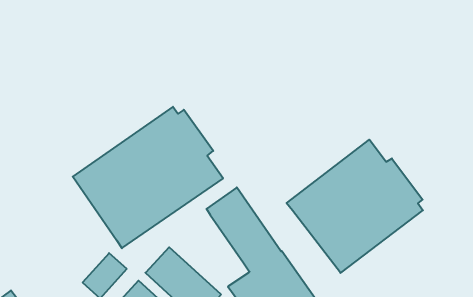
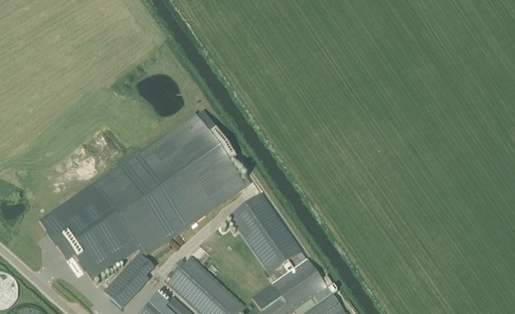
building: [287,140,423,273] -> none
building: none -> [39,183,138,281]

